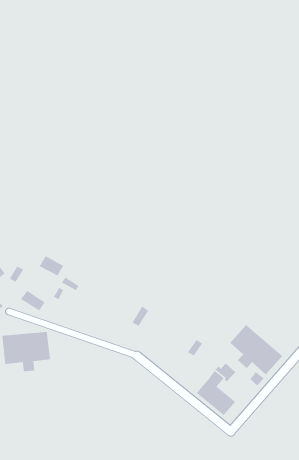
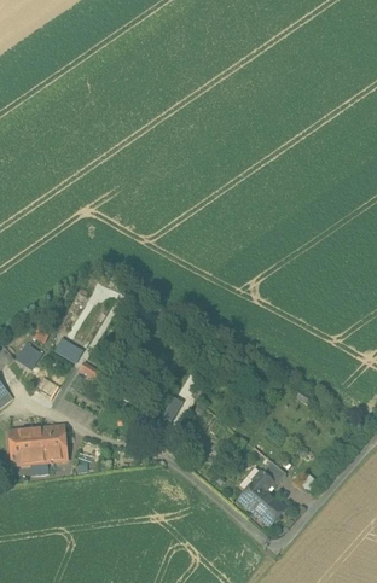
building: [230,324,283,375] -> none

